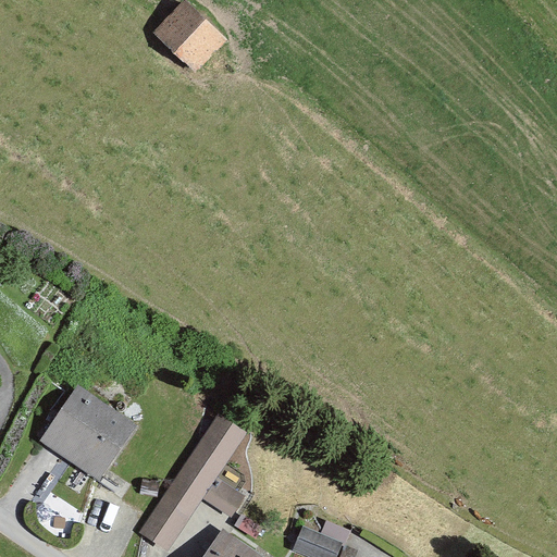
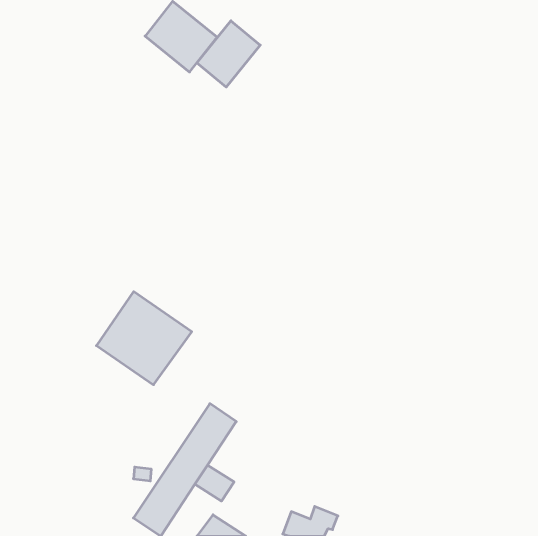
building: none -> [197,21,260,87]
building: [39,384,137,480] -> [96,292,192,385]

